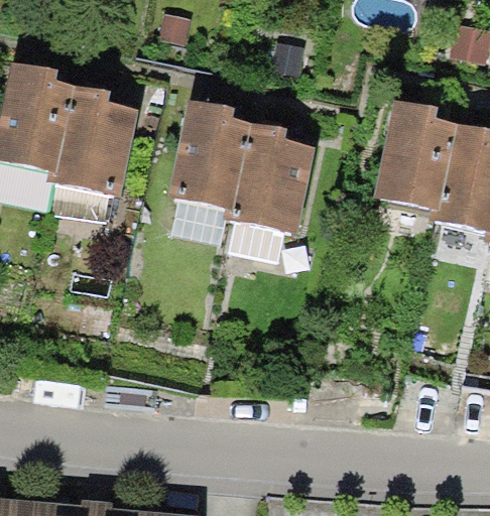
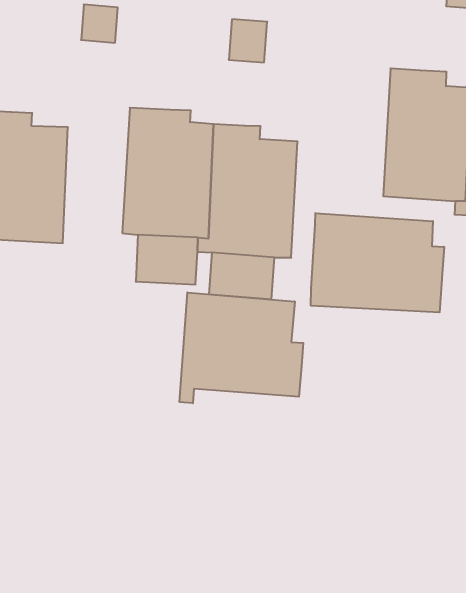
building: none -> [311,213,444,312]
building: none -> [180,292,303,403]

